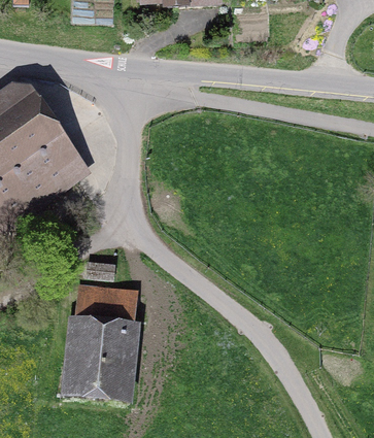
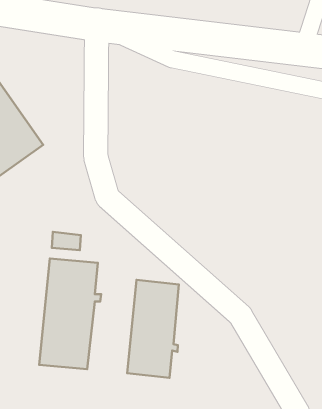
building: none -> [127,280,179,378]

